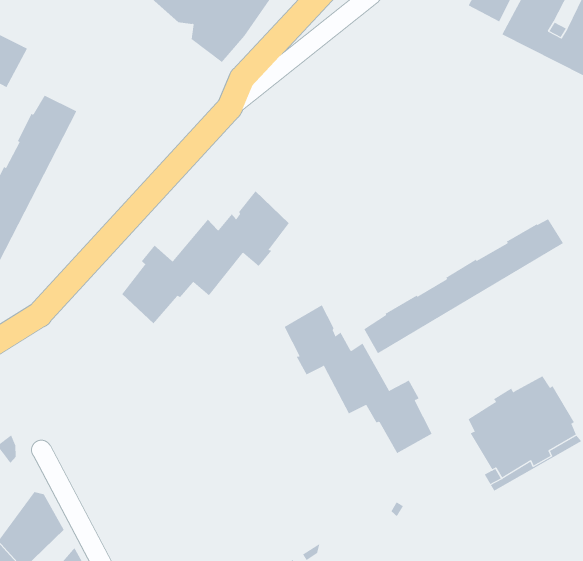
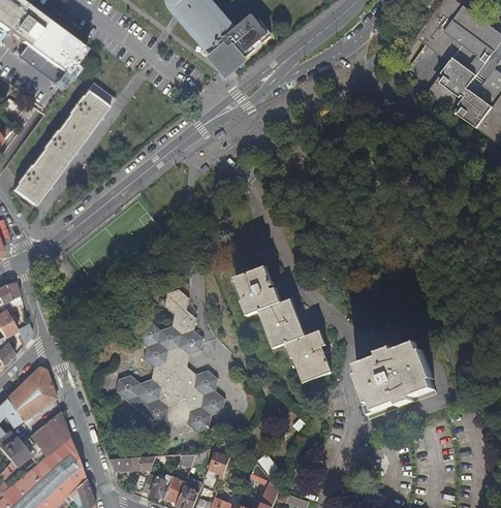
building: [122,190,290,324] -> none
building: [364,218,564,354] -> none
building: none -> [118,289,225,432]

